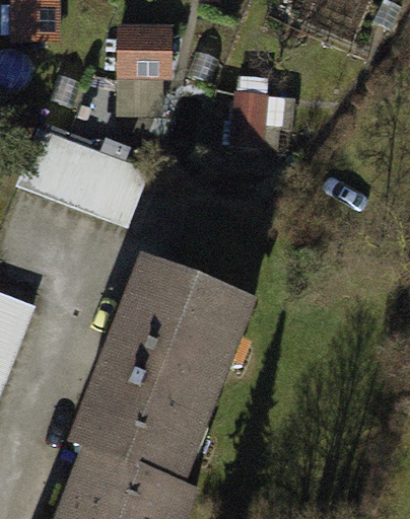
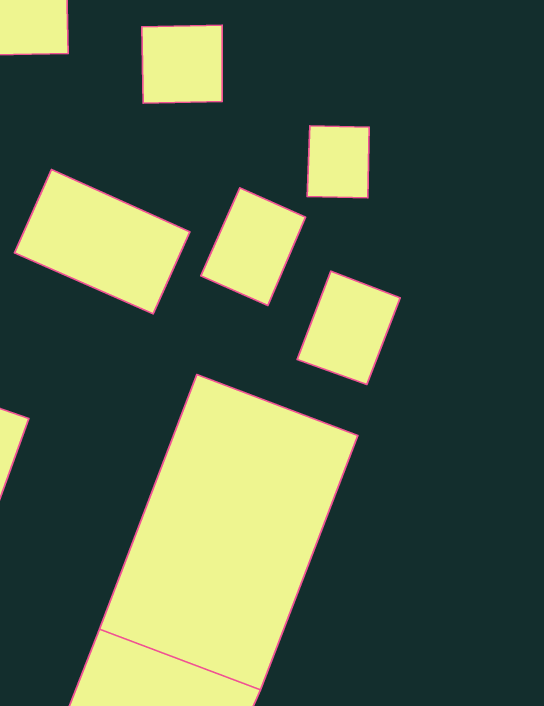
building: none -> [201,188,306,306]
building: none -> [297,271,400,385]

